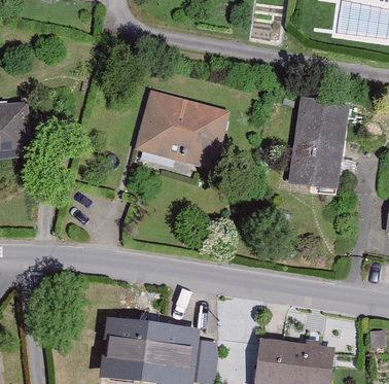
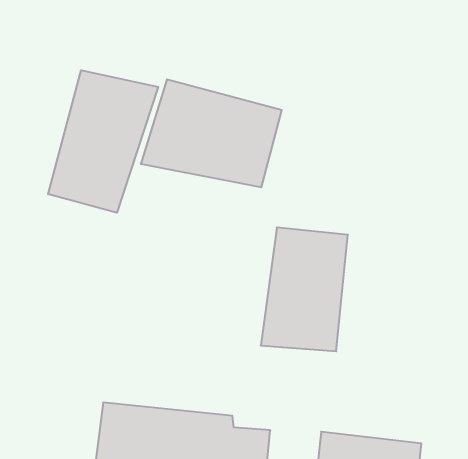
building: none -> [48,70,158,213]
building: [287,98,349,185] -> [261,227,348,351]

